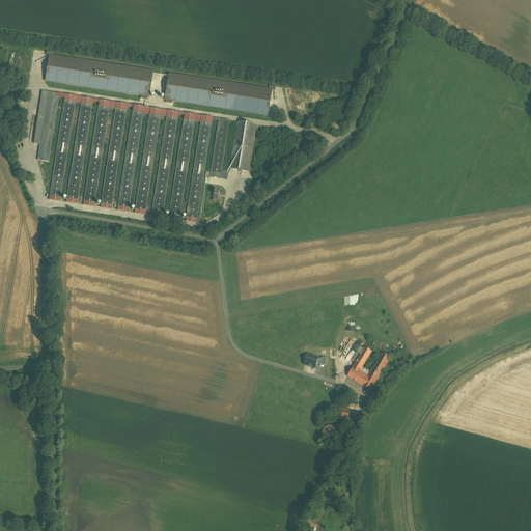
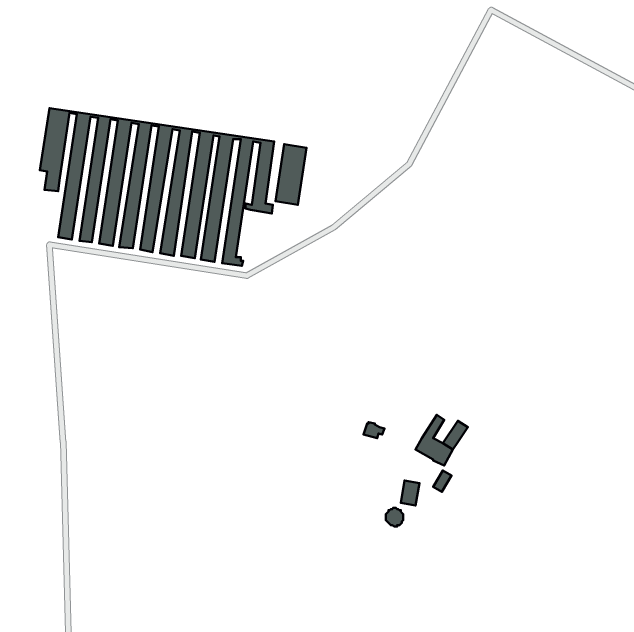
building: [46,53,153,95] -> none
building: [163,71,272,114] -> none

